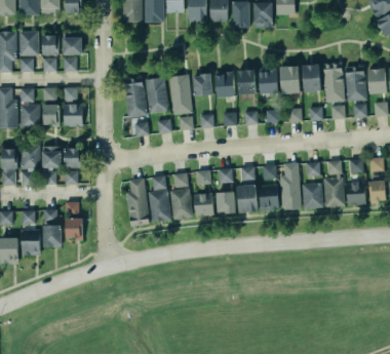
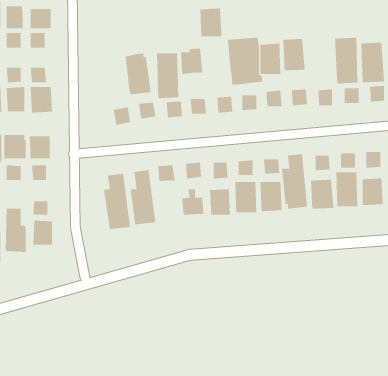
building: [303,65,320,92] -> none
building: [216,73,235,97] -> [199,8,222,37]
building: [122,77,148,118] -> none
building: [169,188,191,219] -> none

